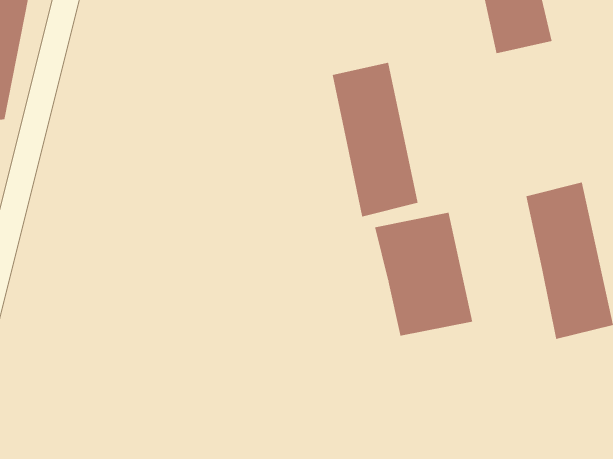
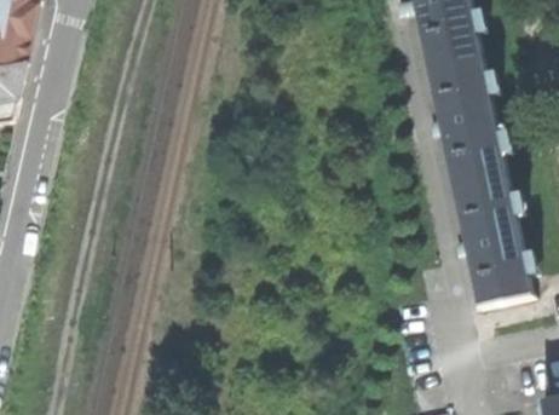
building: [332,62,419,217] -> [428,56,502,188]
building: [374,212,473,336] -> none

